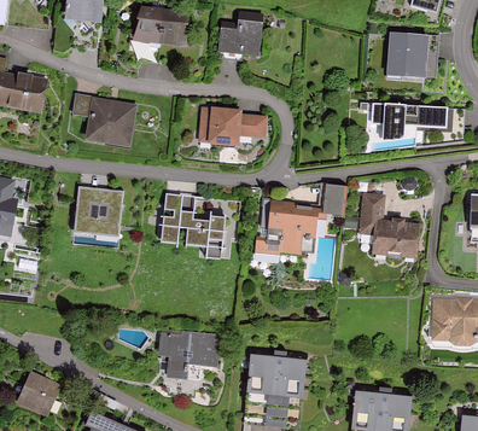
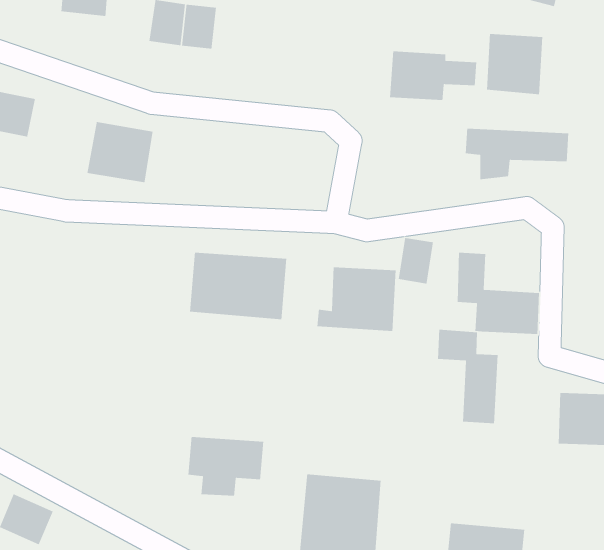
building: [220,13,263,56] -> none
building: [199,107,264,145] -> [389,50,477,101]
building: [72,187,121,235] -> none
building: none -> [437,329,499,424]

